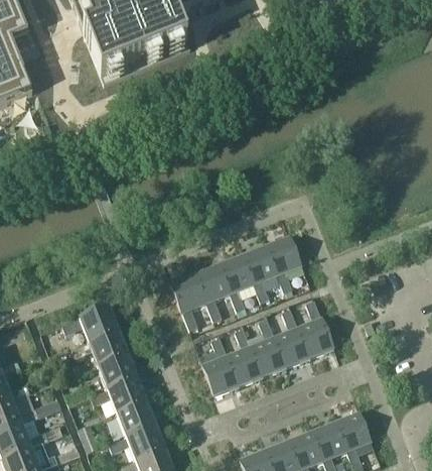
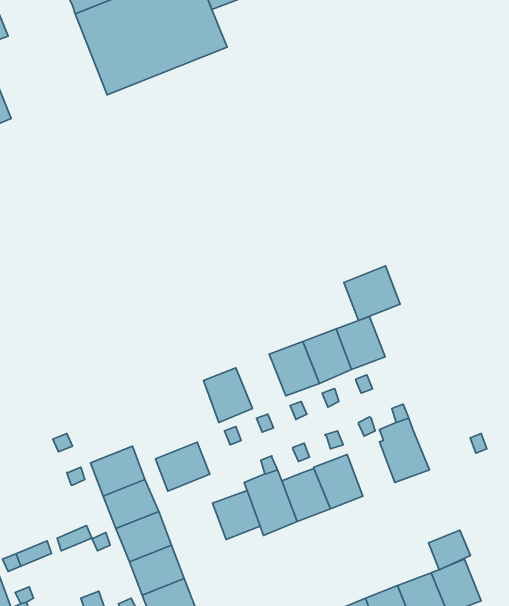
building: none -> [344,266,400,321]
building: [194,263,231,303] -> none
building: [81,307,120,342] -> [155,442,210,491]
building: [275,327,309,366] -> none
building: none -> [213,491,260,540]
building: none -> [428,530,471,570]

